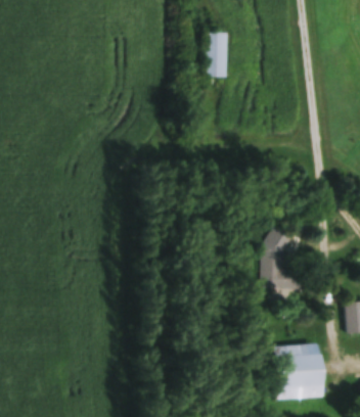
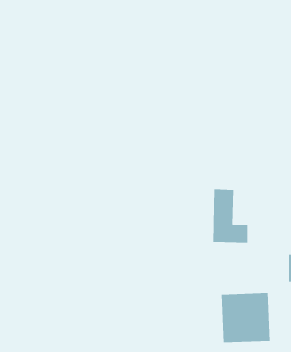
building: [202,34,227,78] -> none

